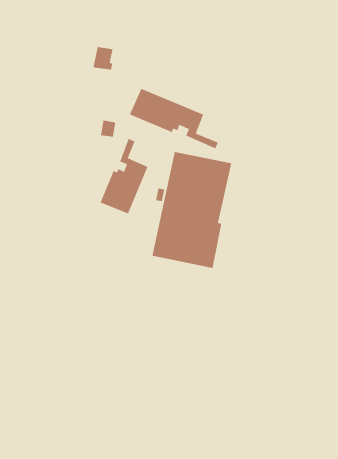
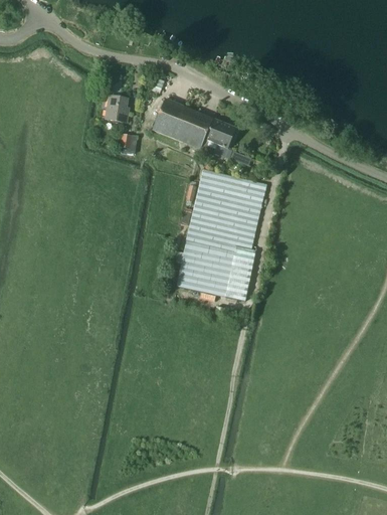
building: [93,46,113,71] -> [104,95,127,122]
building: [100,138,149,214] -> none

